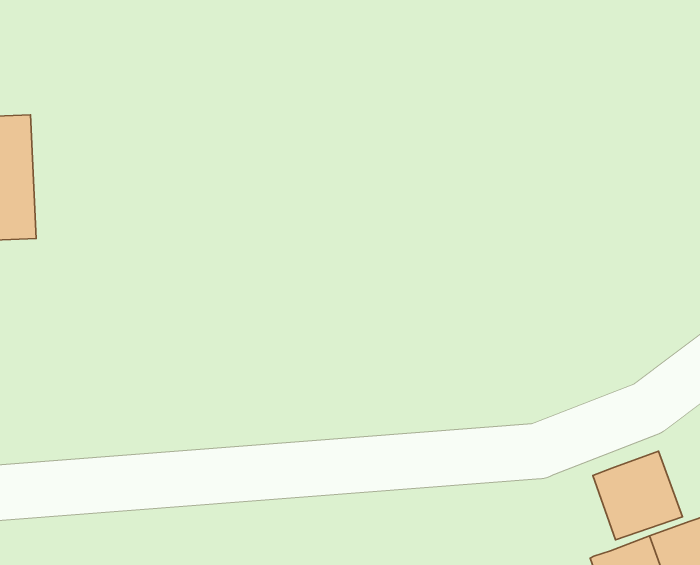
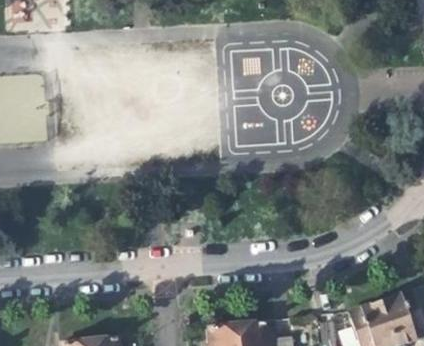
building: [593,451,682,540] -> none

